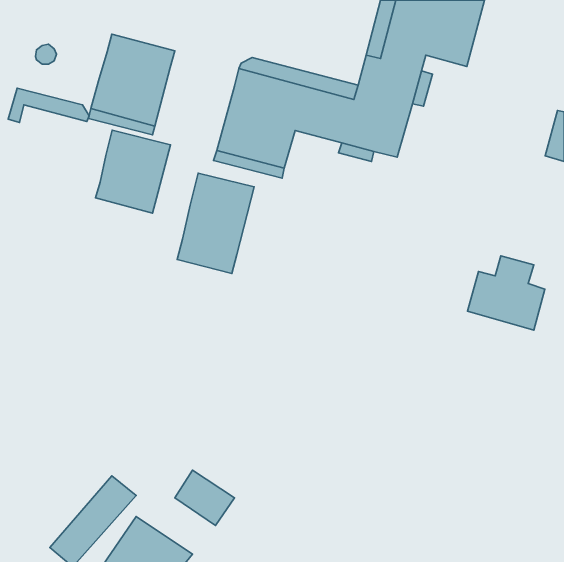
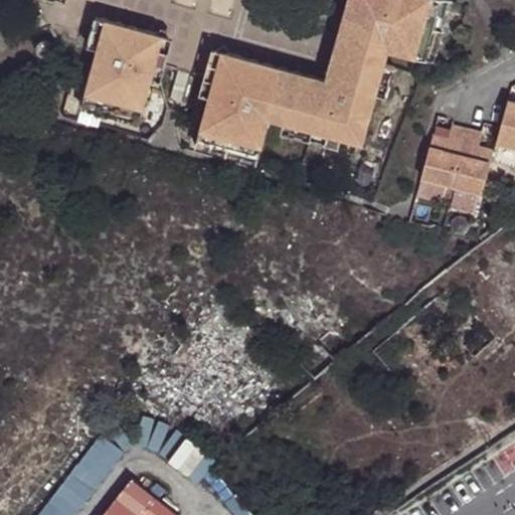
building: [8,88,89,122] -> [88,19,161,50]
building: [96,130,171,213] -> none
building: [177,173,254,274] -> none
building: [467,256,545,330] -> [420,129,491,196]

